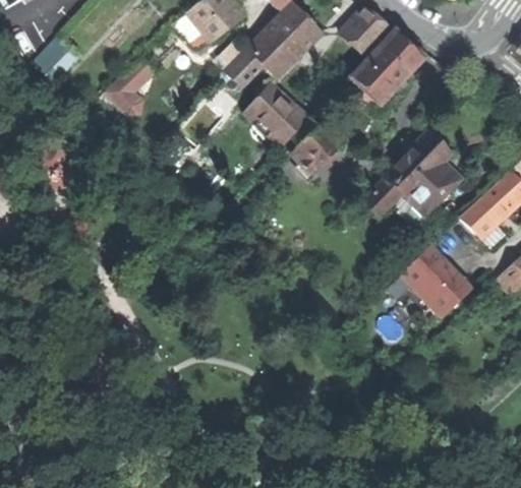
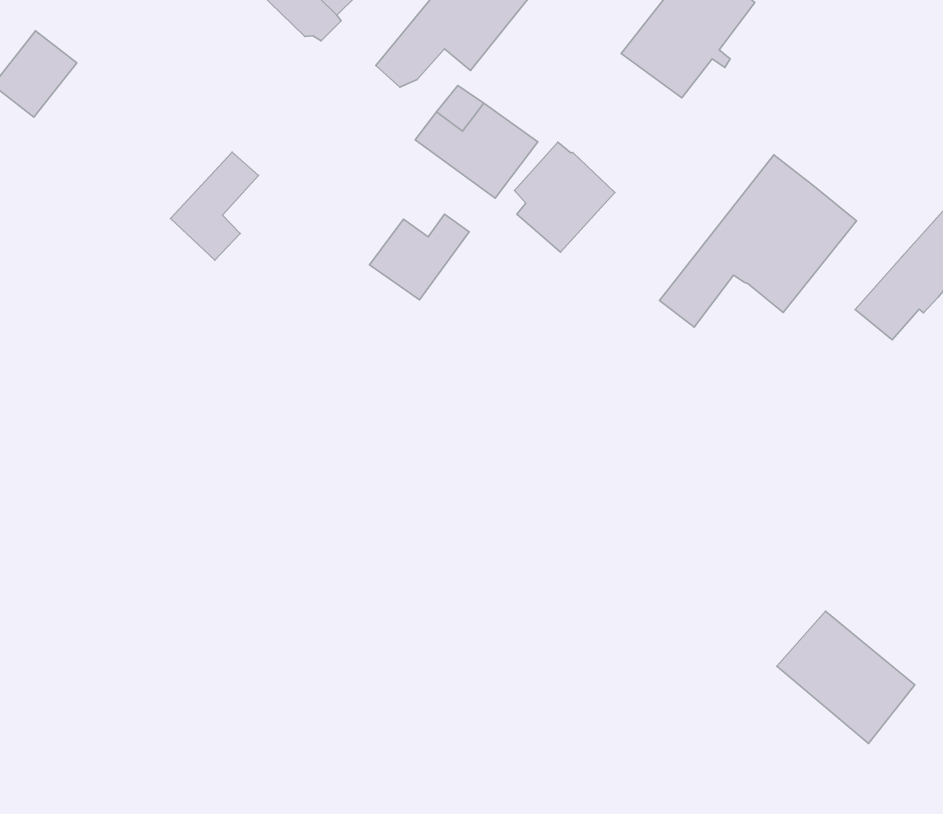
building: [108,59,155,113] -> [171,152,259,260]
building: none -> [370,214,469,300]
building: [400,247,469,316] -> [777,611,915,743]

